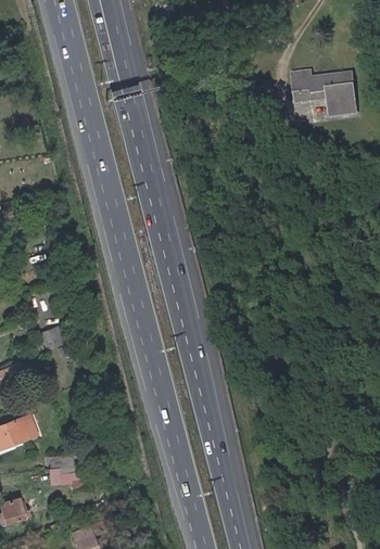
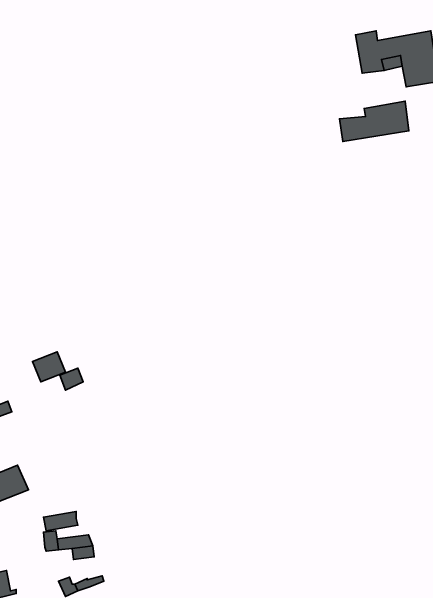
building: none -> [340,101,409,141]

